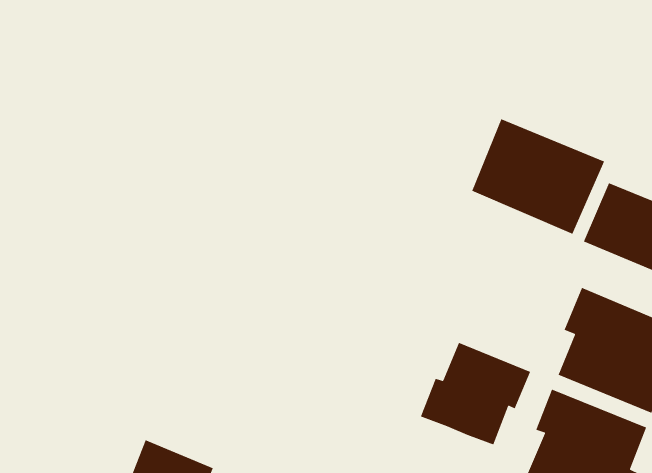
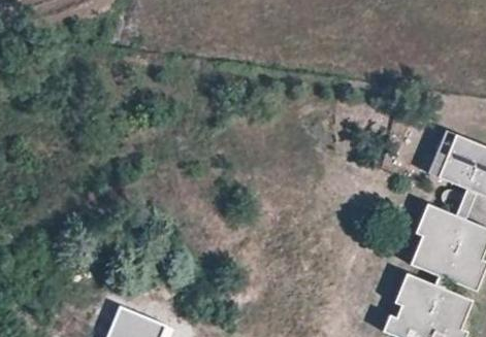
building: [471,118,605,235] -> none
building: [420,342,531,446] -> none

